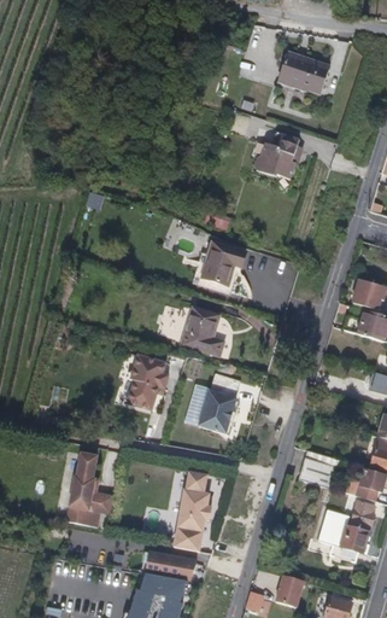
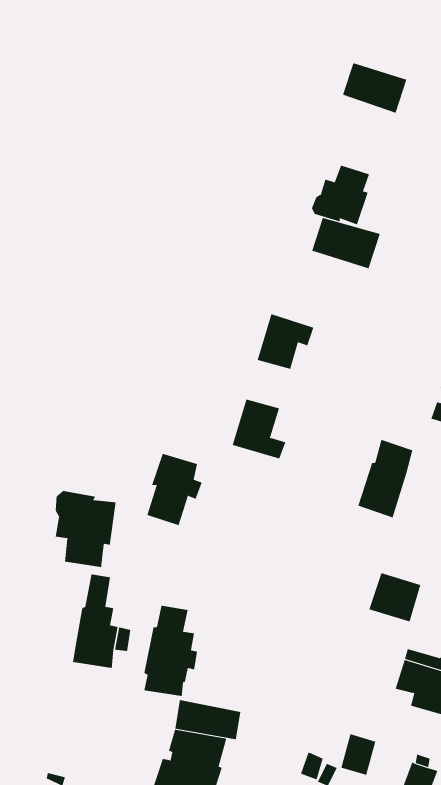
building: none -> [312,217,381,269]
building: [197,377,240,438] -> [357,439,413,518]
building: none -> [55,490,116,568]
building: [170,476,212,547] -> [144,605,198,697]

